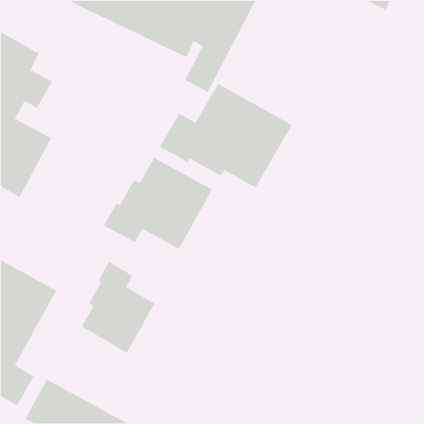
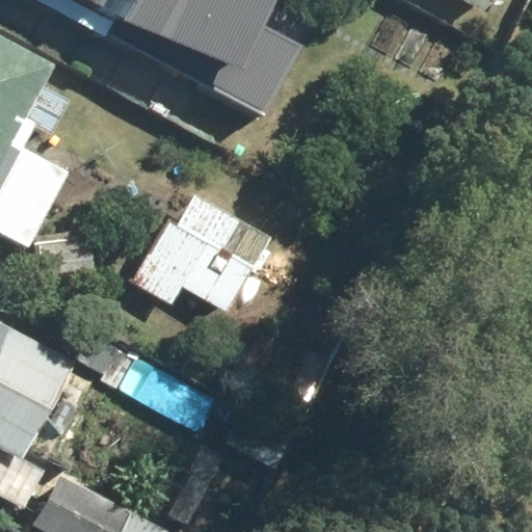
building: [159,83,293,188] -> none
building: [81,261,156,354] -> none

